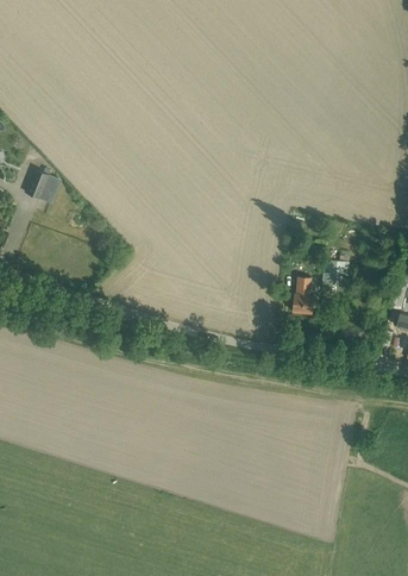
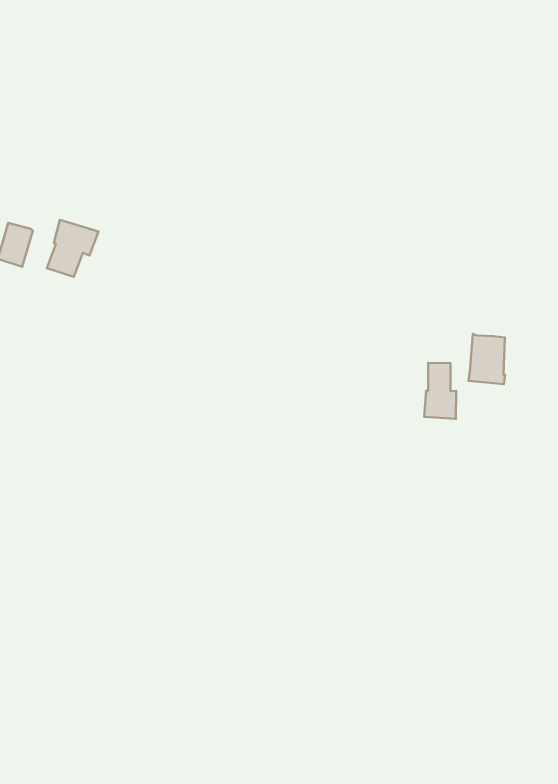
building: none -> [47,220,98,277]

